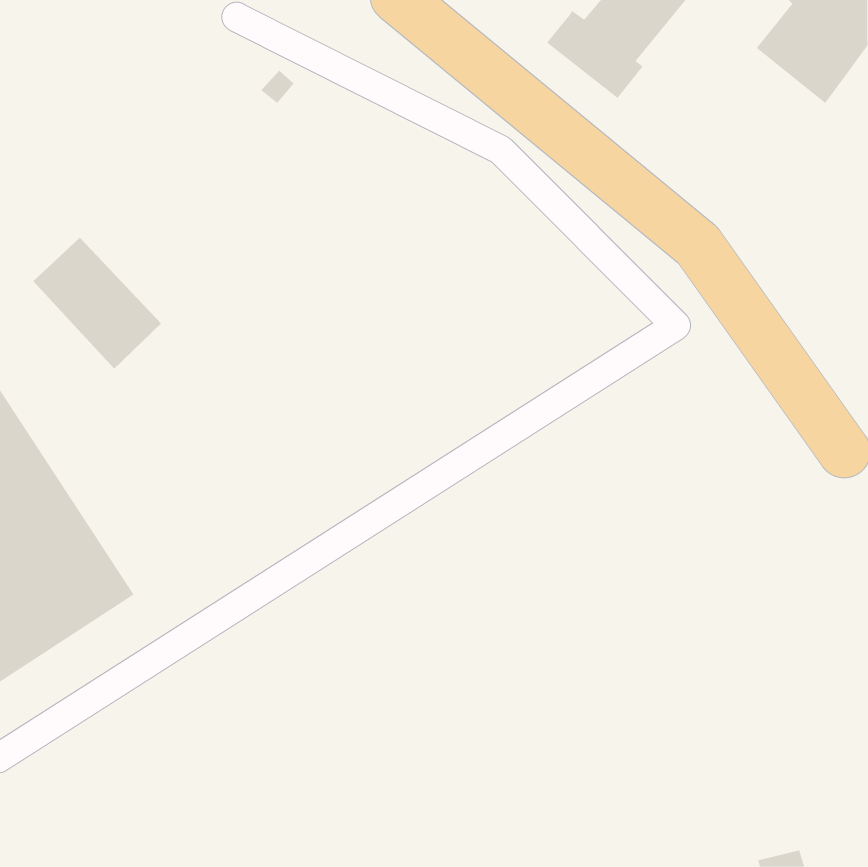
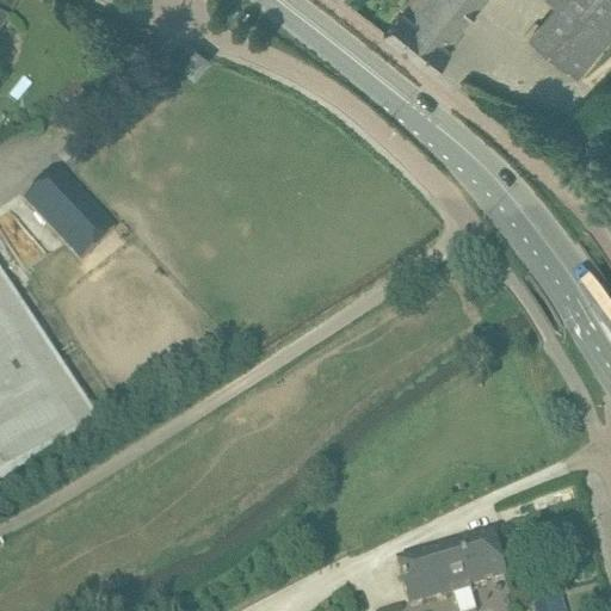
building: none -> [396,530,506,601]

